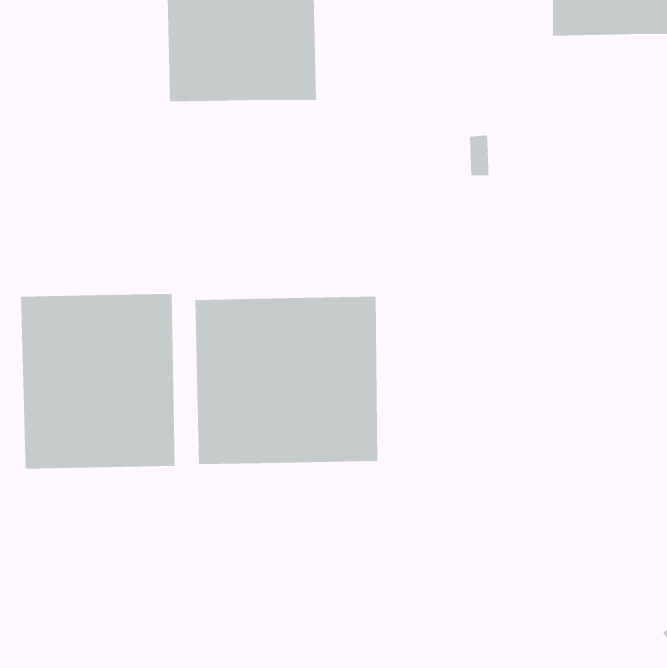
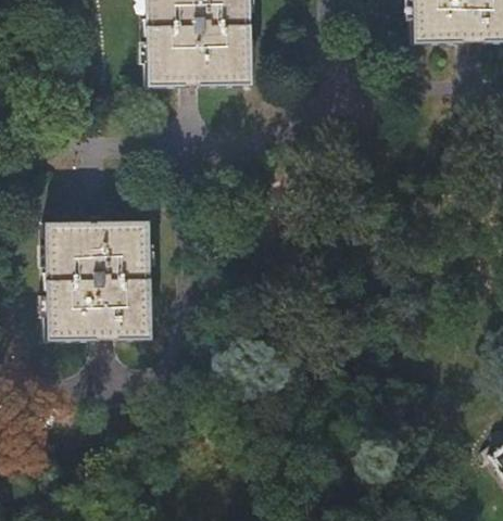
building: [195,296,378,465] -> none

